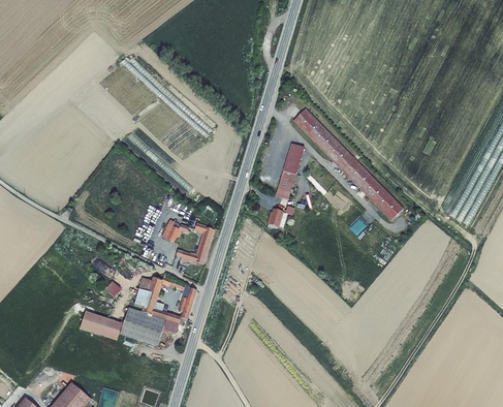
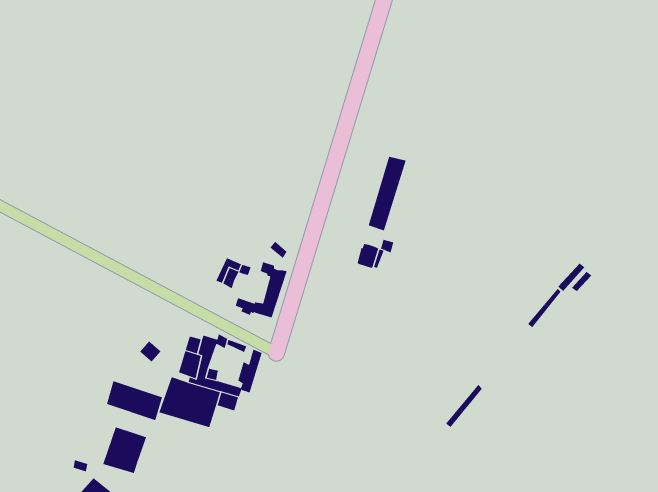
building: [293,108,404,221] -> none
building: none -> [102,426,147,474]

